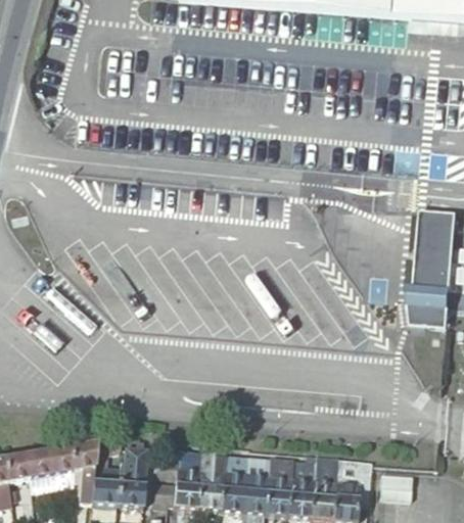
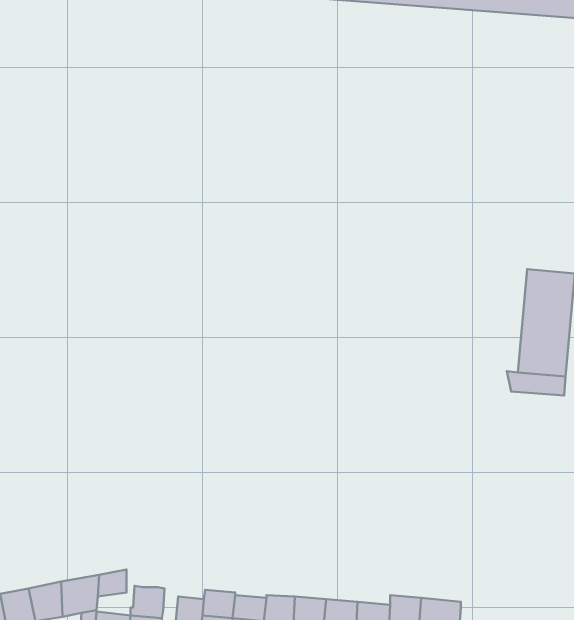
building: [407,301,447,326] -> none

